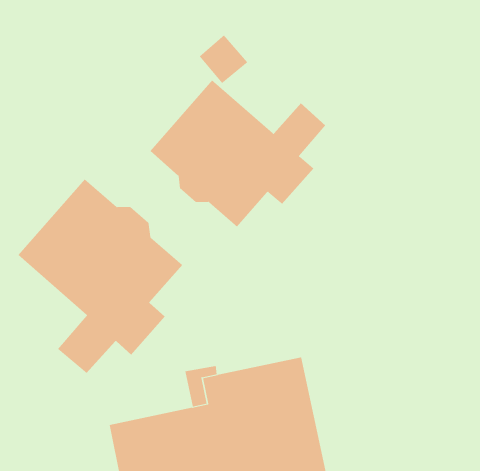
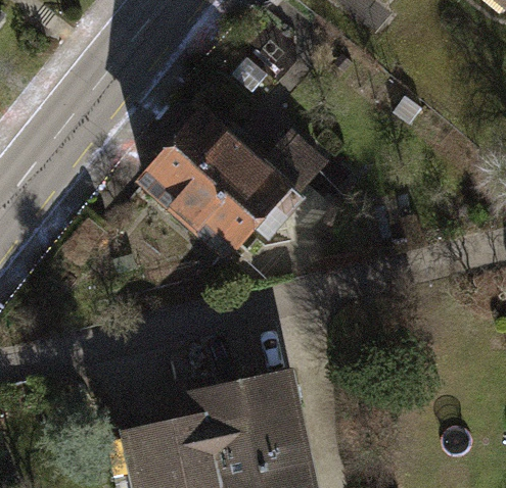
building: [17,178,183,374] -> none

